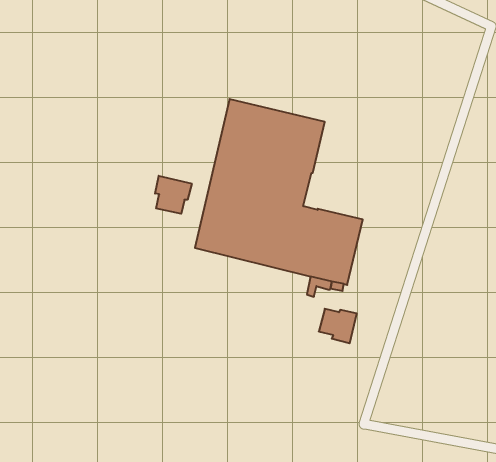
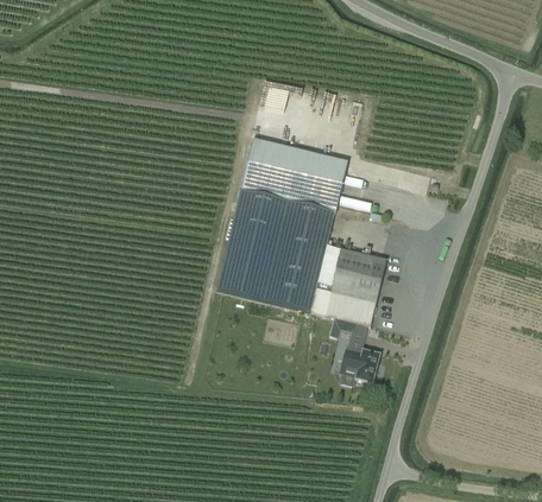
building: [155,176,192,214] -> none

